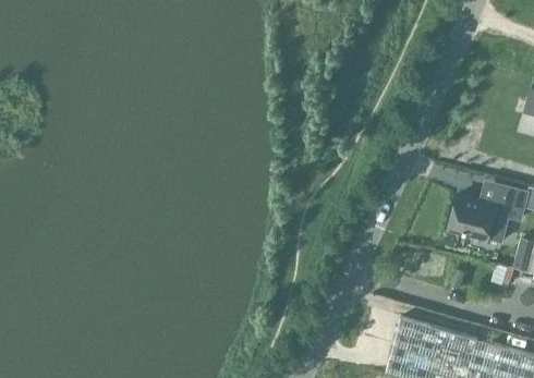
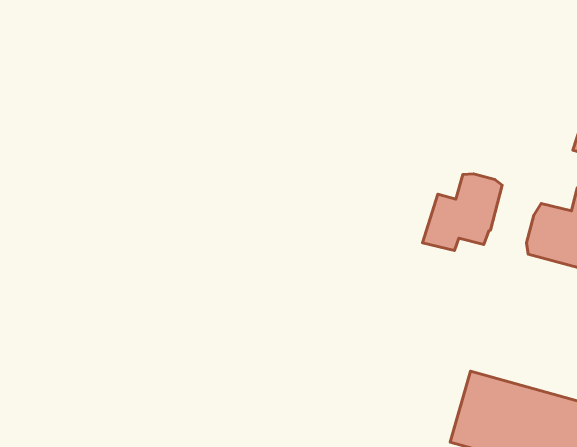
building: none -> [423,174,502,251]

